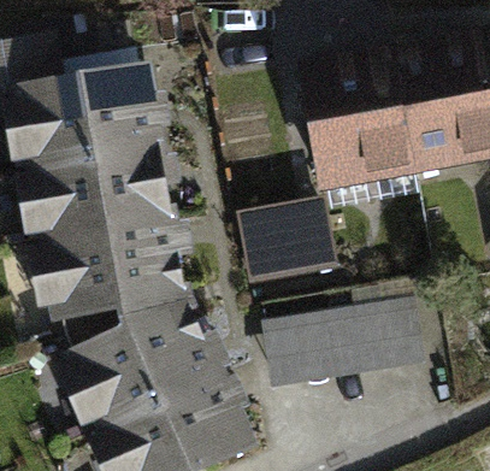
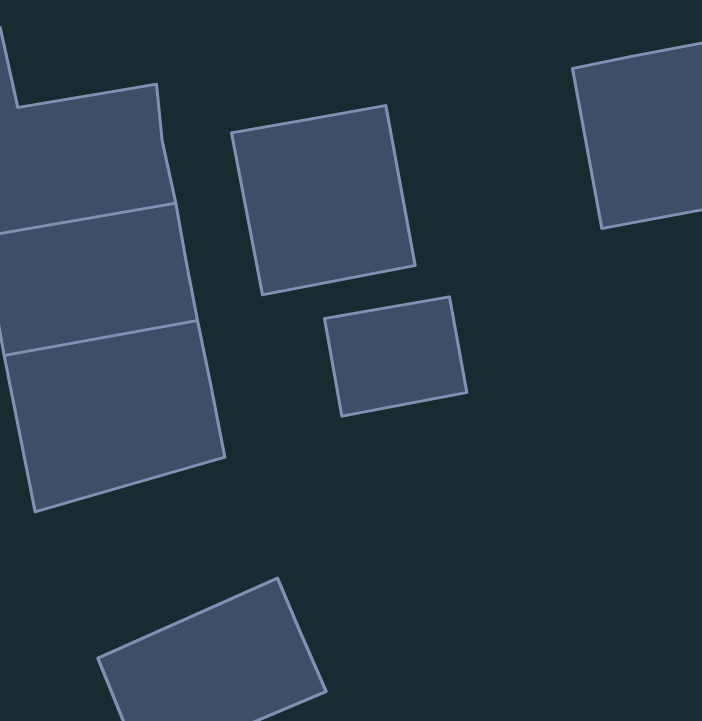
building: [302,64,415,181] -> [231,105,415,295]
building: [260,299,426,390] -> none
building: [66,304,216,428] -> none

